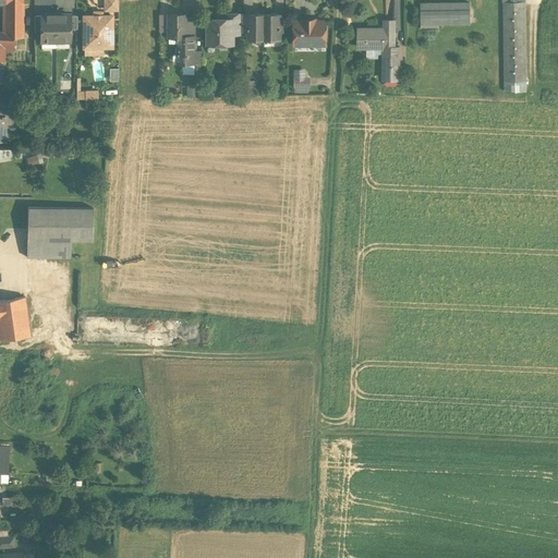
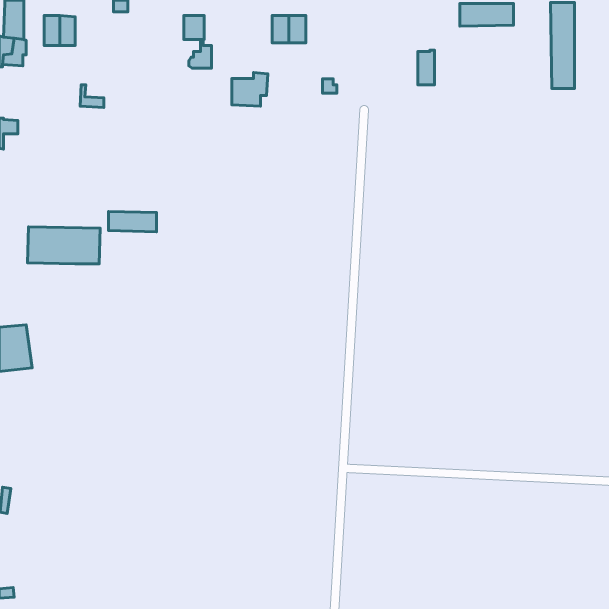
building: [207,14,240,45] -> [232,73,268,106]
building: [83,19,111,49] -> none
building: [294,20,325,46] -> none
building: [356,21,393,48] -> none
building: [25,241,69,259] -> [109,211,156,232]

